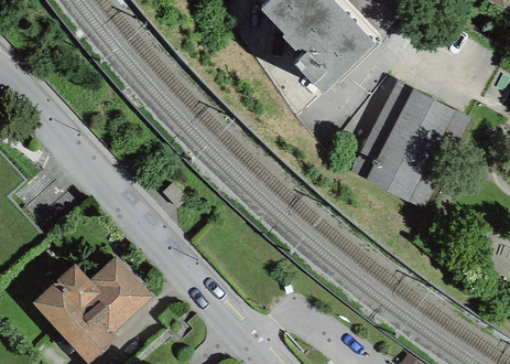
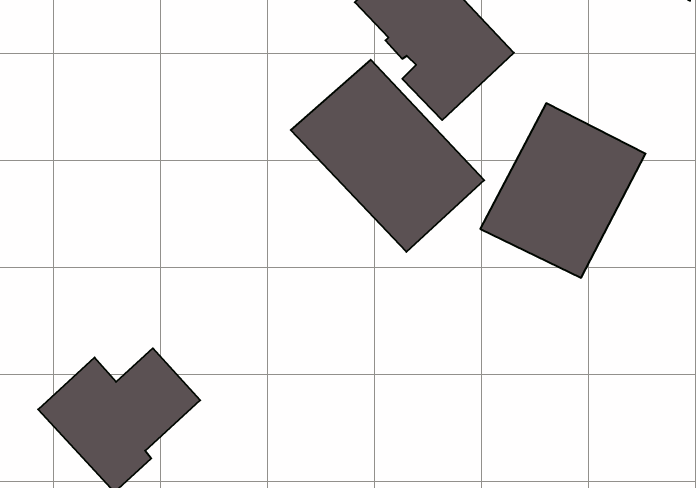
building: none -> [291,60,484,252]

